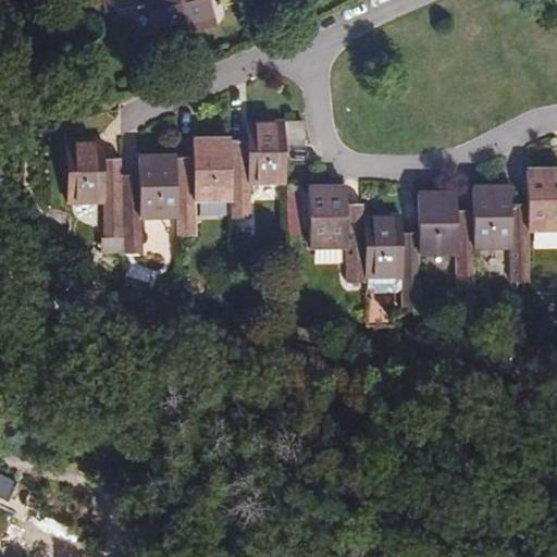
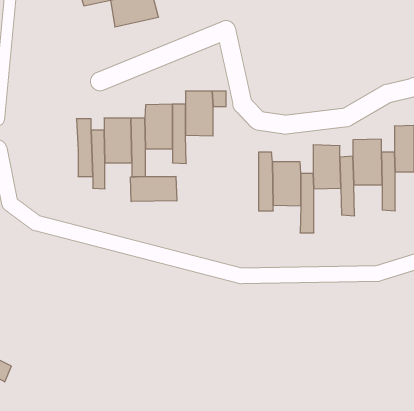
building: [66,141,104,201] -> none
building: [309,186,346,248] -> none
building: none -> [130,176,177,202]

